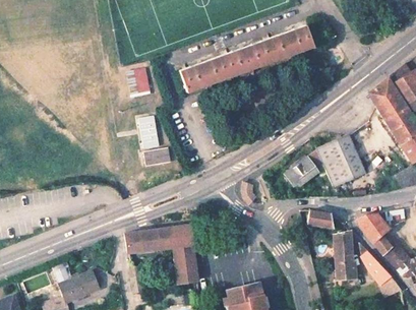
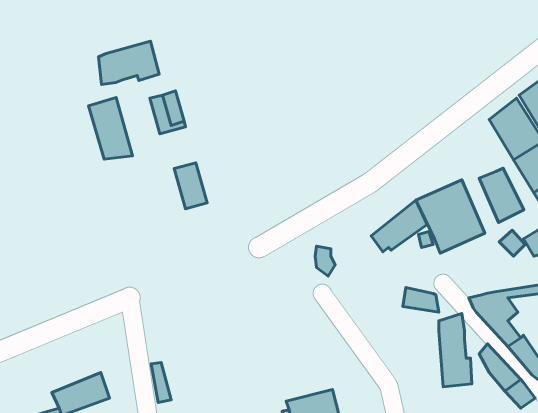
building: [180,24,314,90] -> none
building: none -> [98,41,159,85]
building: none -> [88,98,132,159]
building: none -> [479,168,524,223]
building: [125,226,198,283] -> none

